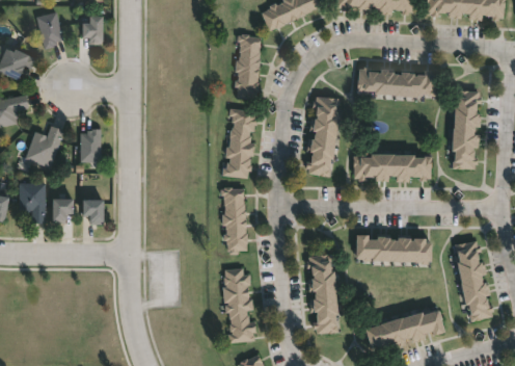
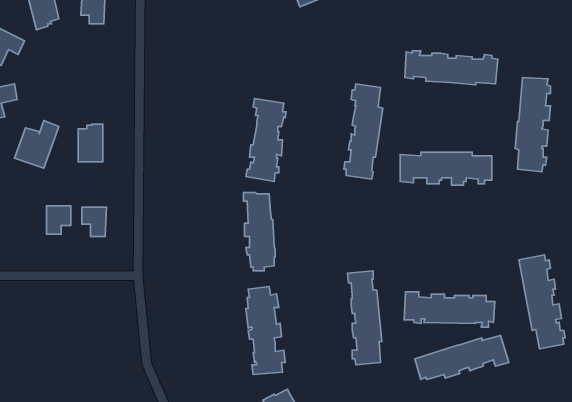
building: [234,33,260,98] -> none
building: [19,183,46,223] -> none
building: [355,234,432,264] -> [404,292,495,327]

